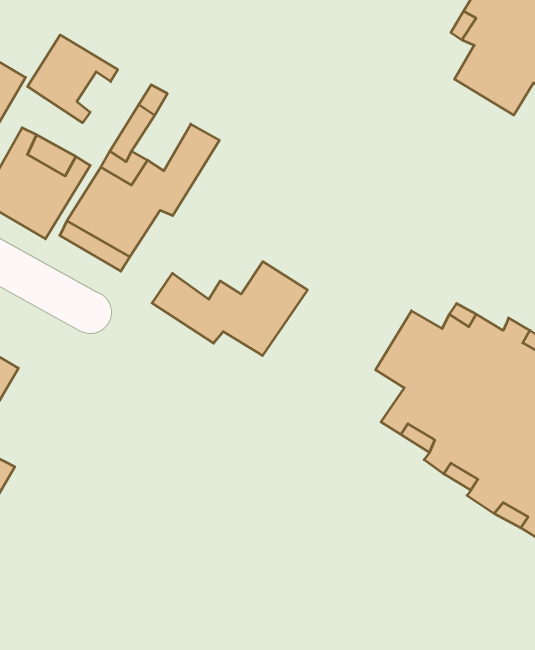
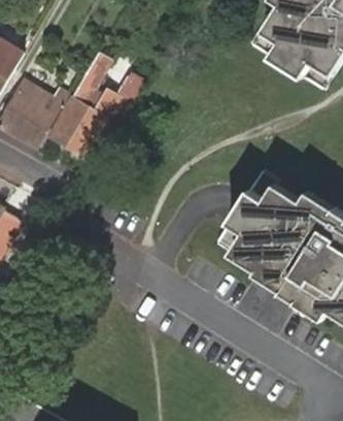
building: [28,35,118,123] -> none
building: [152,262,307,356] -> none

